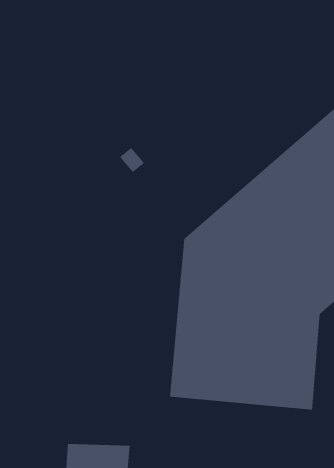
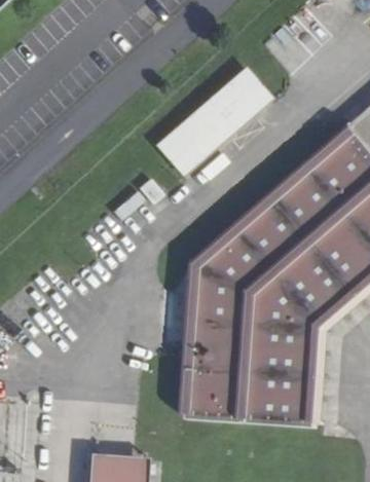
building: none -> [153,66,272,178]

